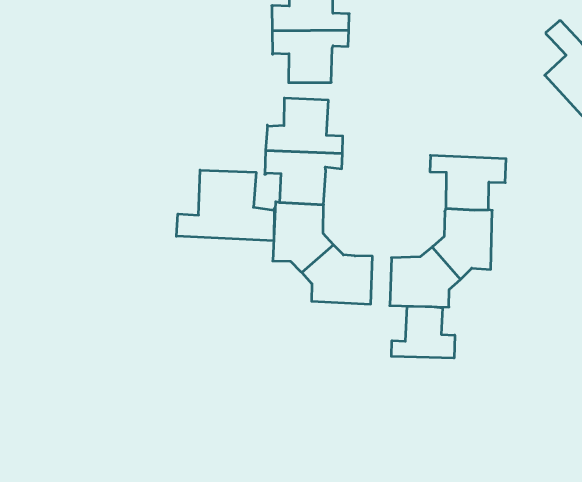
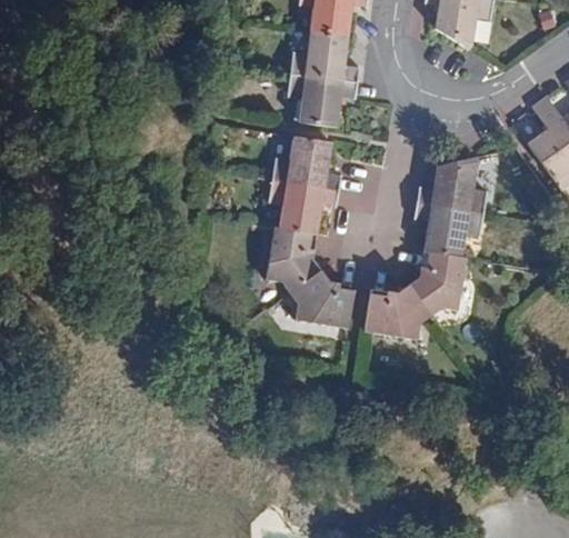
building: none -> [417,156,487,212]
building: [176,170,274,241] -> none
building: [391,306,455,358] -> none

